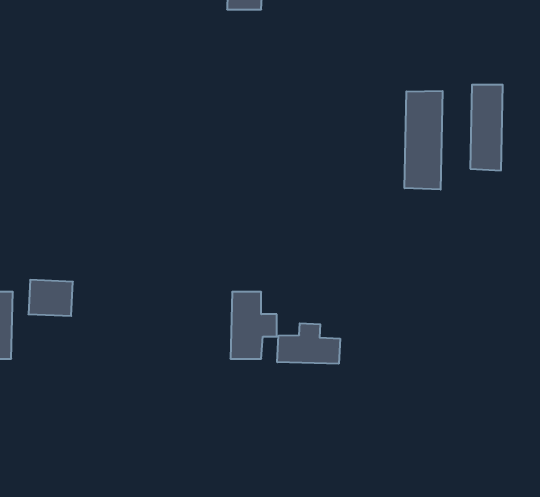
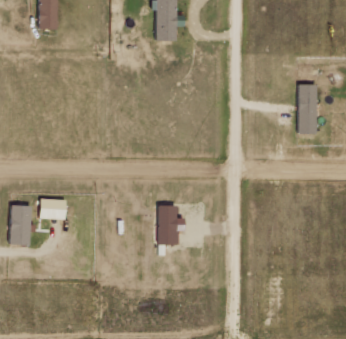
building: [405,91,443,190] -> none
building: [277,323,340,364] -> none

